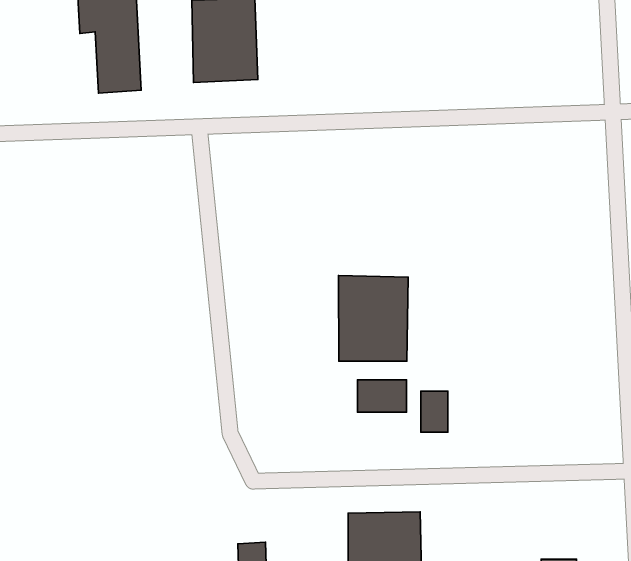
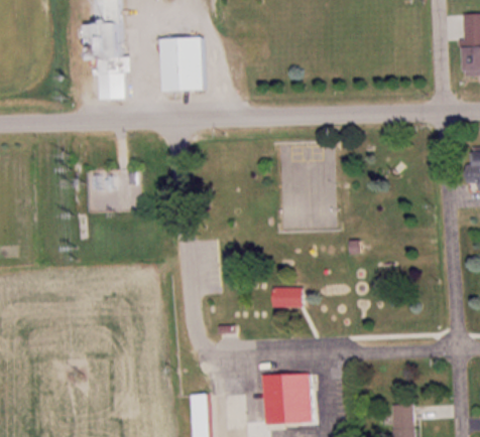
building: [338,276,408,361] -> none
building: [421,391,448,432] -> none

